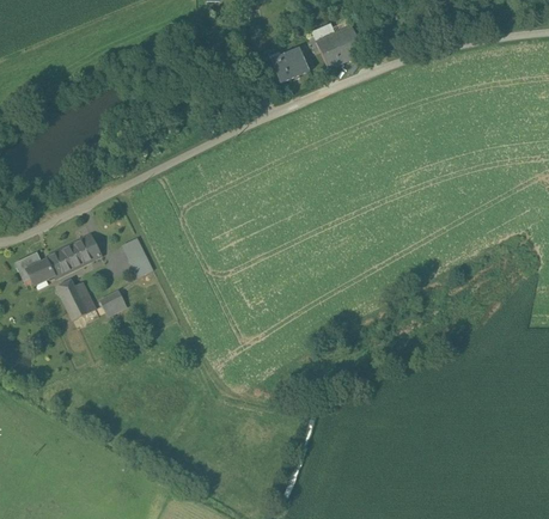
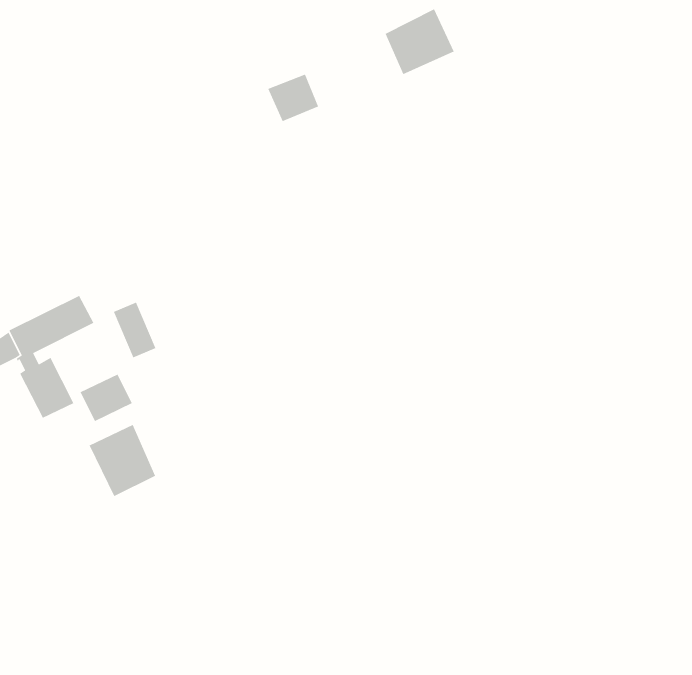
building: [269,47,306,81] -> [267,73,319,122]
building: none -> [88,424,156,497]

